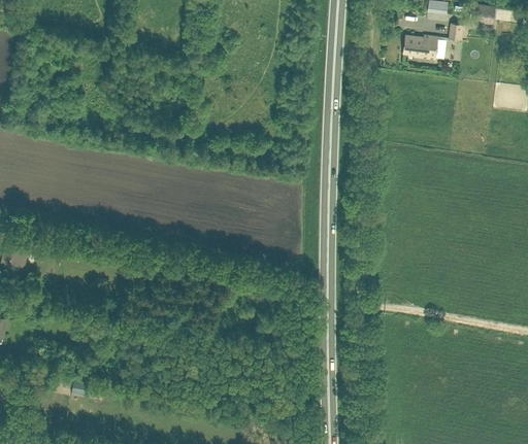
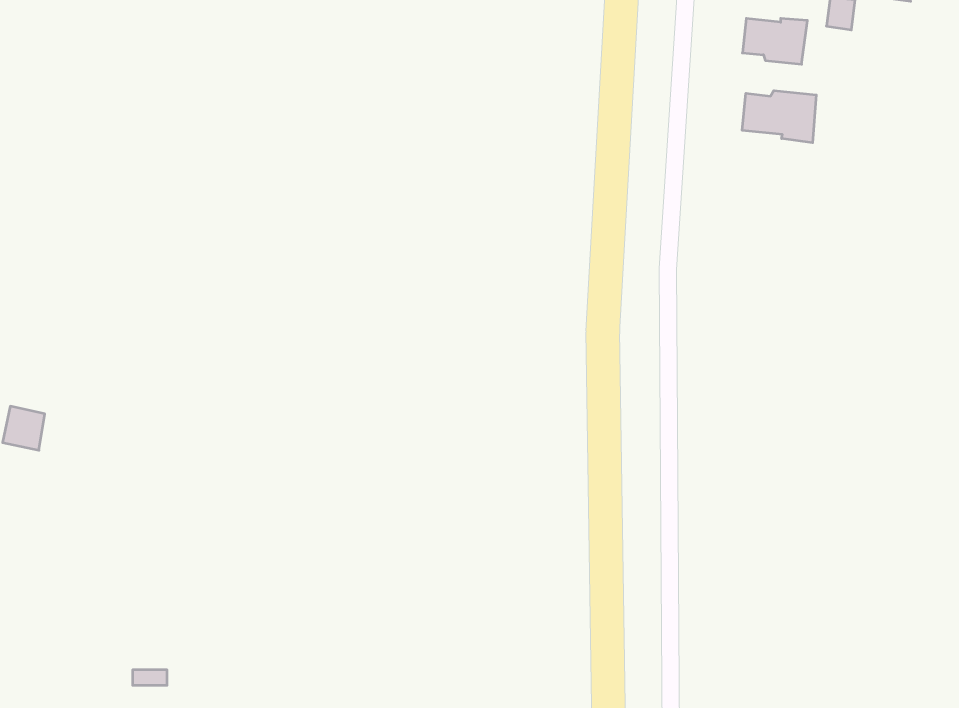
building: none -> [742,91,816,143]

